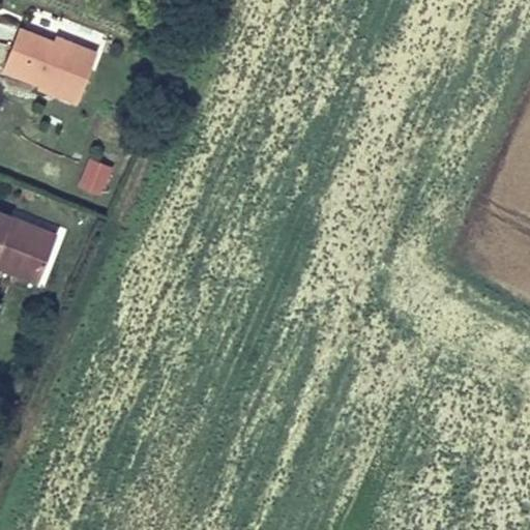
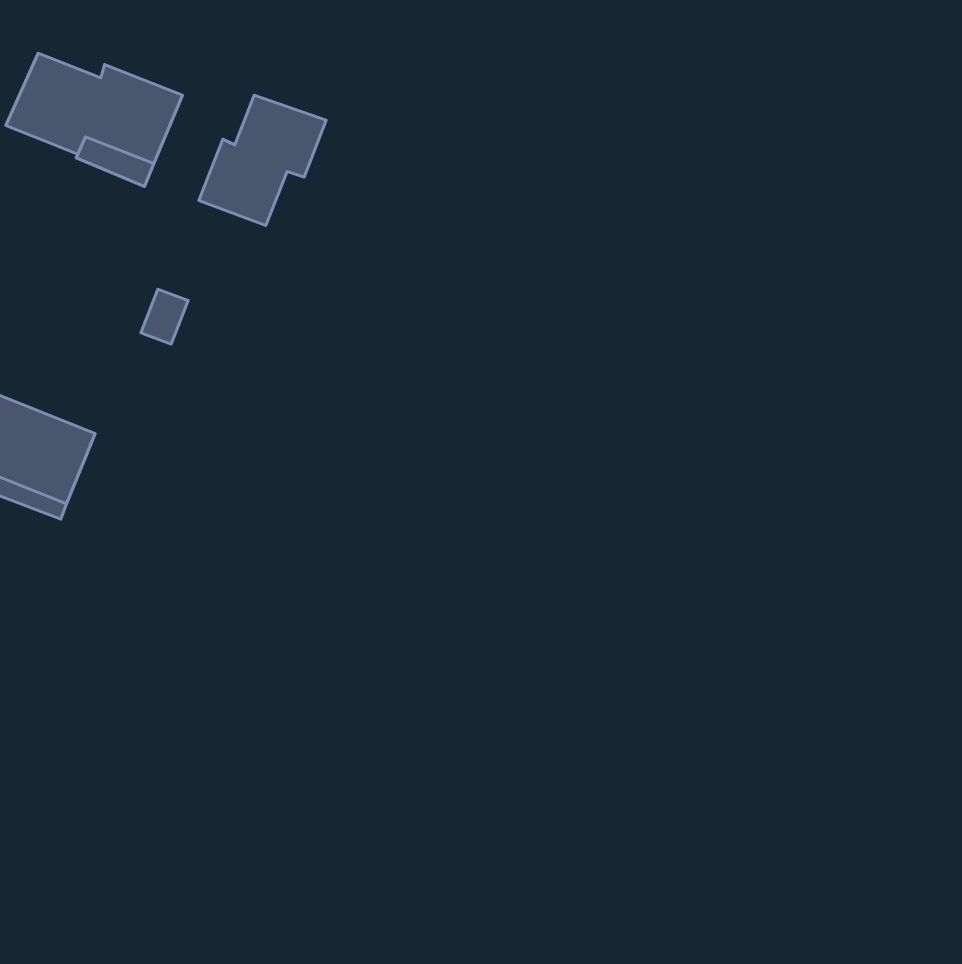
building: none -> [199,95,326,225]

